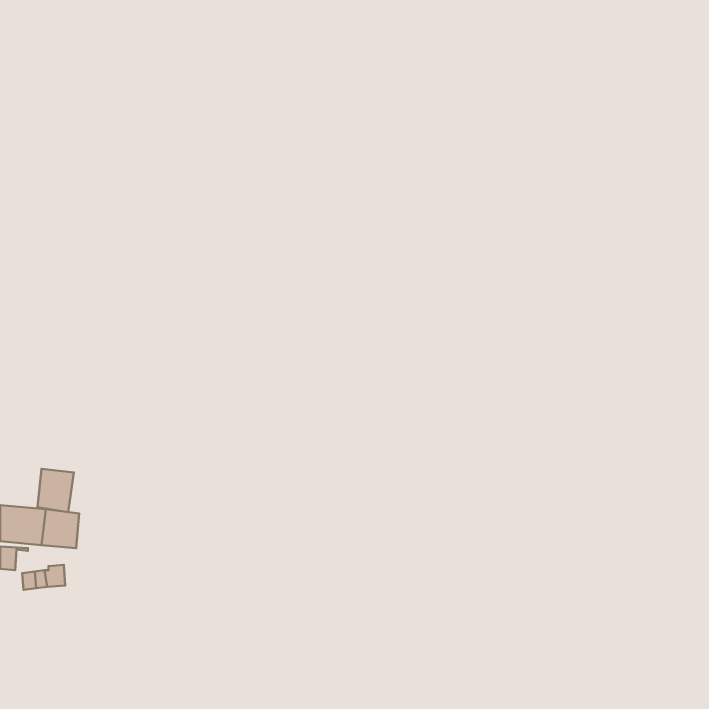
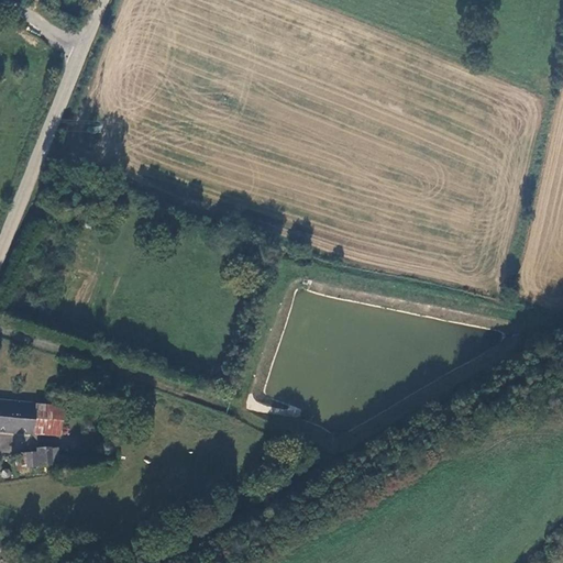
building: [37,469,74,512] -> none

